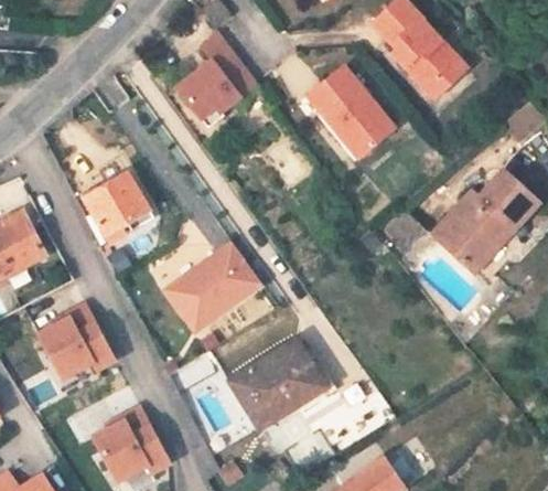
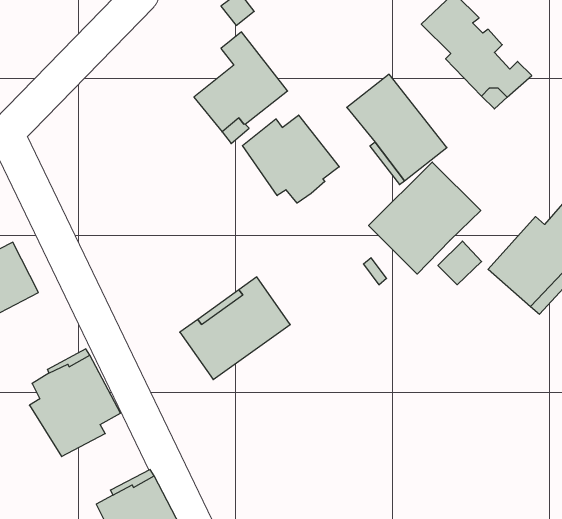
building: none -> [242,115,339,203]
building: none -> [369,162,481,274]
building: [85,173,149,244] -> none
building: [230,338,327,427] -> none

